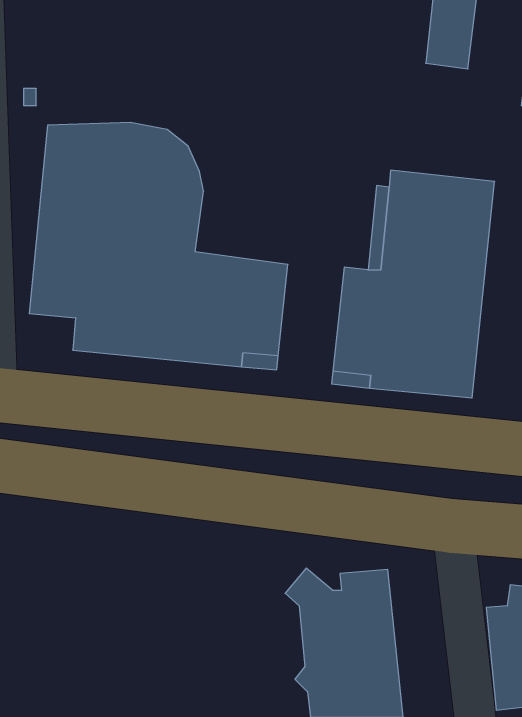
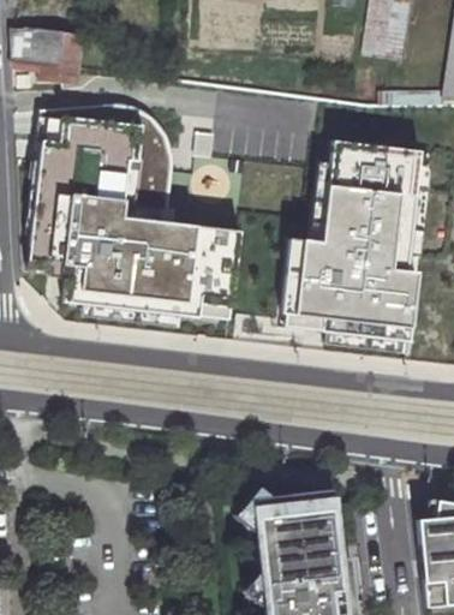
building: none -> [17,35,85,74]

